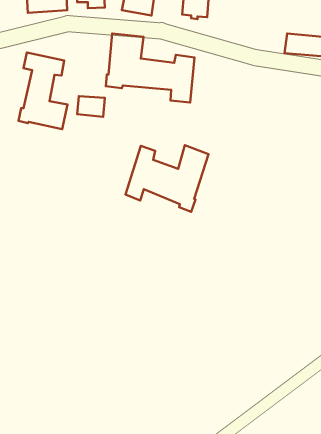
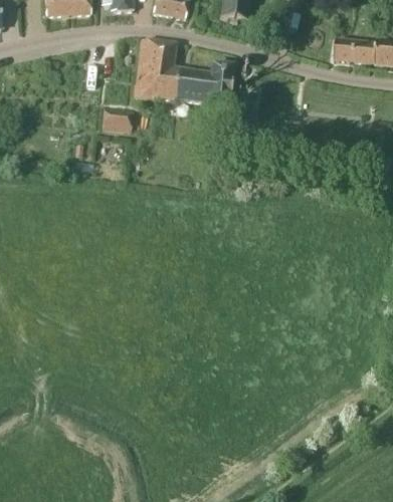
building: [18,53,67,129] -> none
building: [126,145,208,212] -> none

